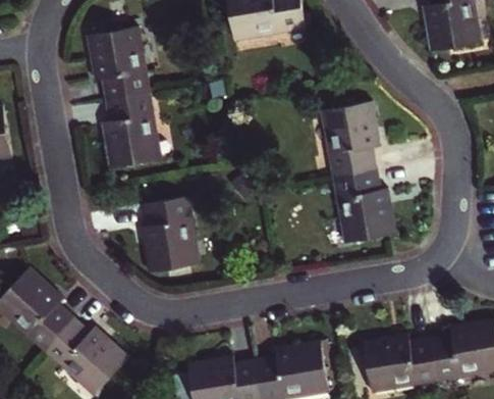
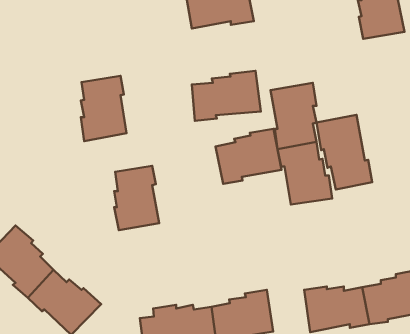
building: [87,28,151,100] -> none
building: none -> [192,71,261,121]
building: none -> [316,115,372,189]
building: none -> [216,129,282,184]

